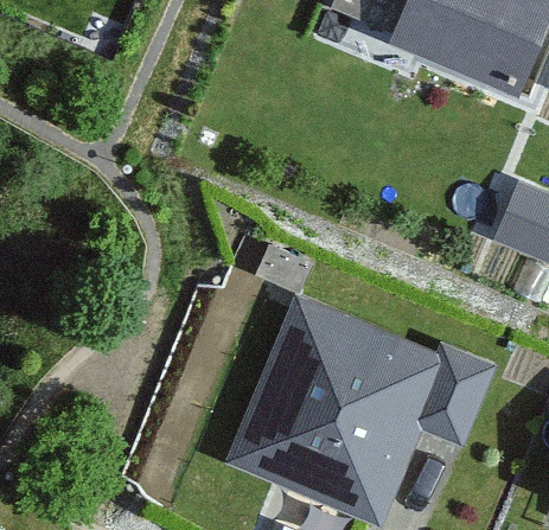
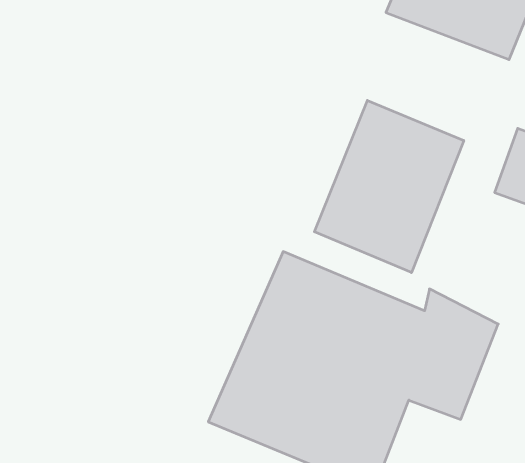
building: none -> [314,100,464,273]

